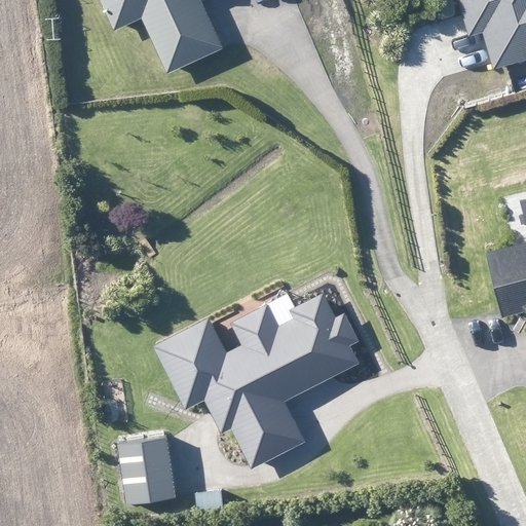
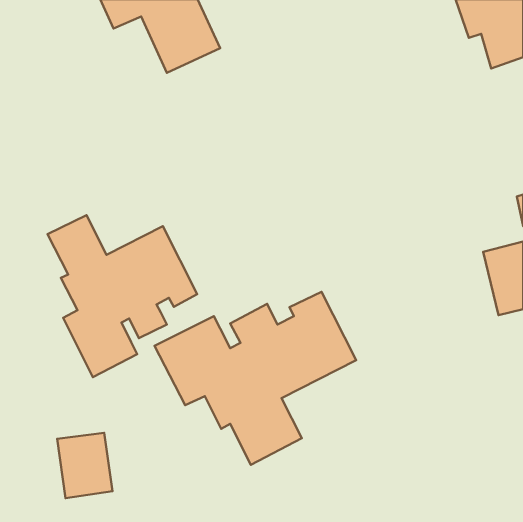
building: none -> [47,215,197,377]
building: [118,437,174,502] -> [57,433,113,498]

